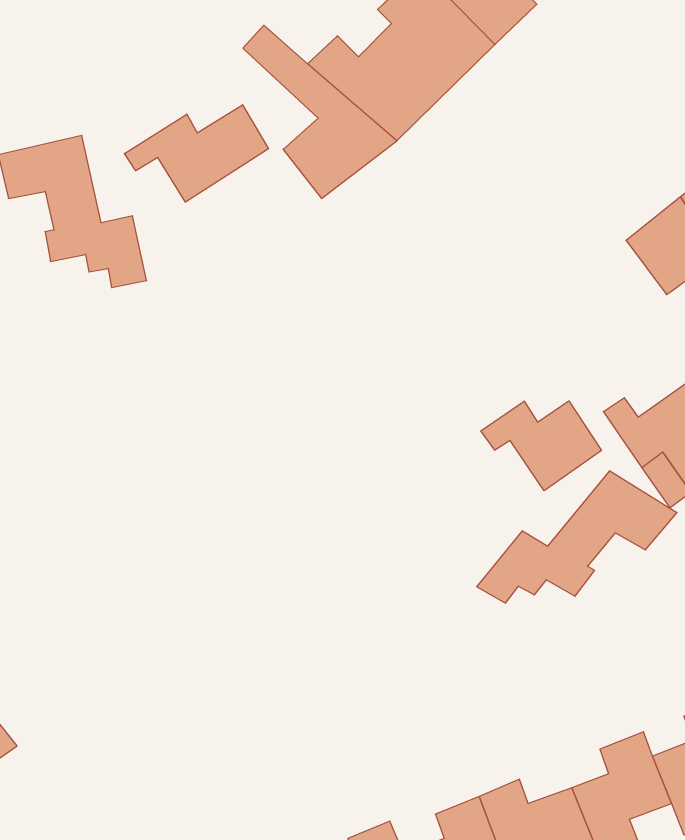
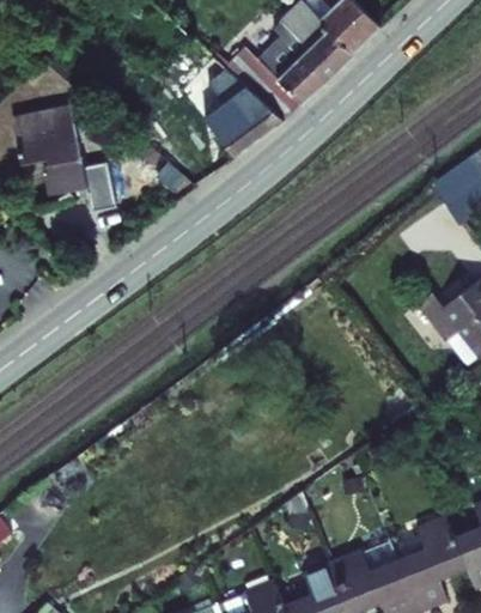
building: [124,105,268,202] -> none
building: [481,401,601,491] -> none
building: [477,471,677,603] -> none

